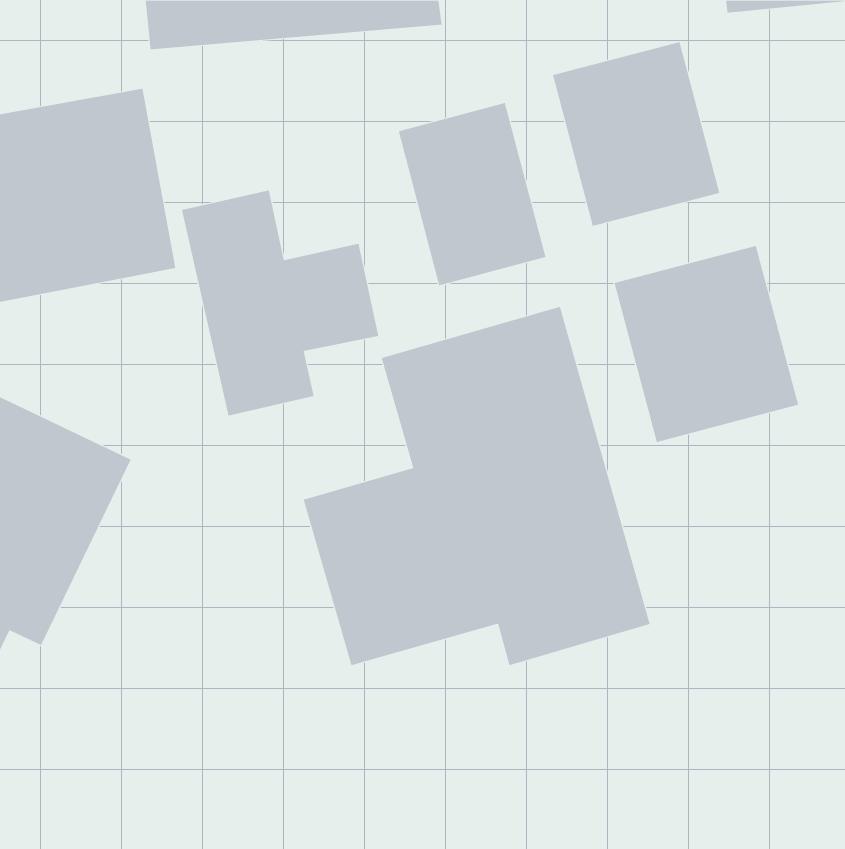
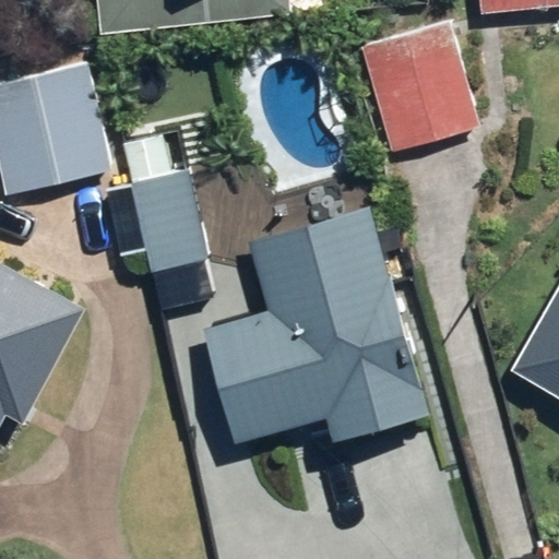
building: [398,102,546,286] -> none
building: [614,245,799,443] -> none

